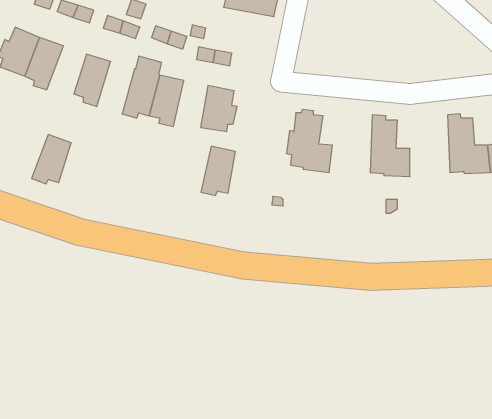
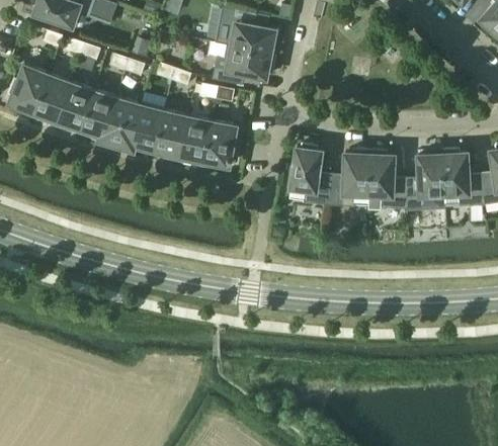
building: none -> [212,46,274,85]
building: none -> [103,98,140,149]
building: none -> [328,150,369,207]
building: none -> [406,150,444,209]
building: [32,135,71,184] -> [55,83,93,130]
building: [201,146,235,195] -> [177,116,211,164]

